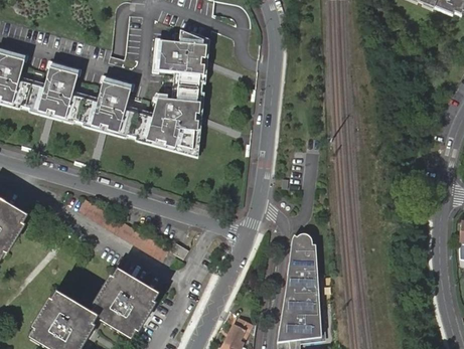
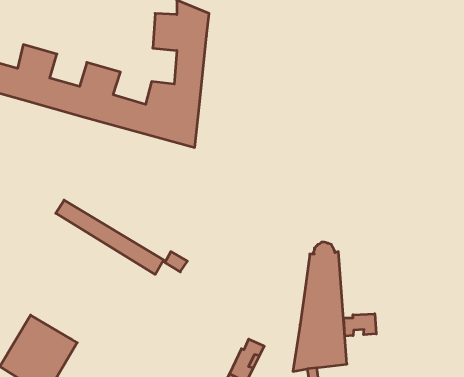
building: [91,270,157,338] -> none
building: none -> [344,314,376,336]

